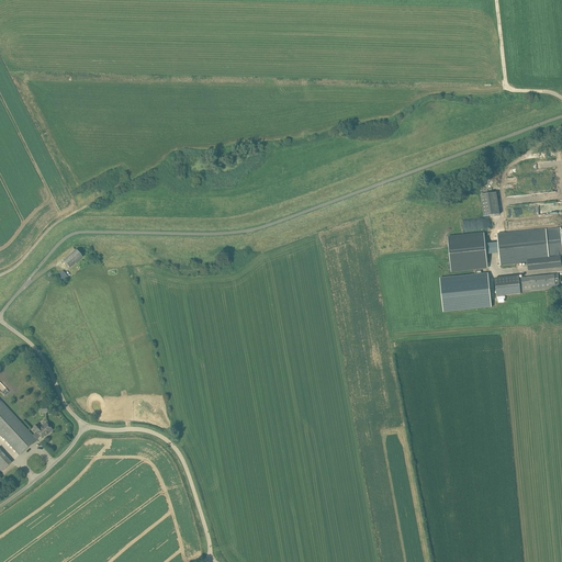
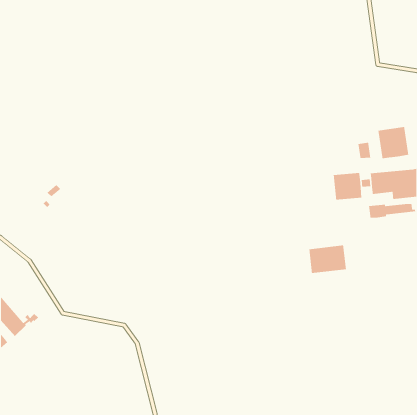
building: none -> [377,126,409,159]
building: [440,271,492,311] -> [309,245,347,274]

